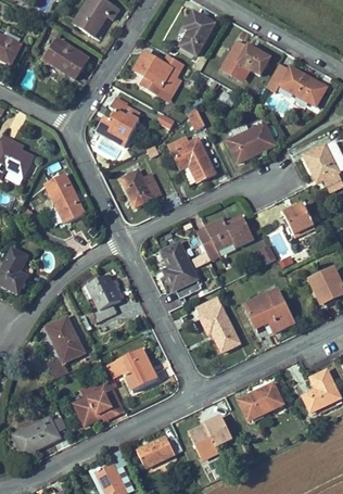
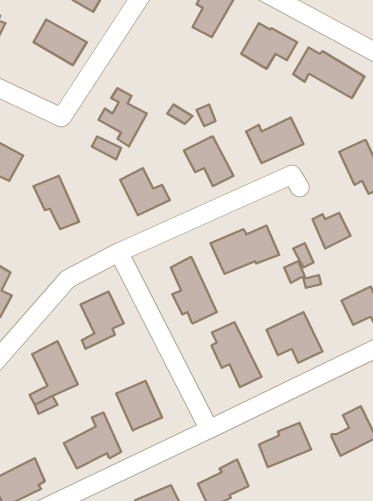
building: [135,50,182,99] -> none

